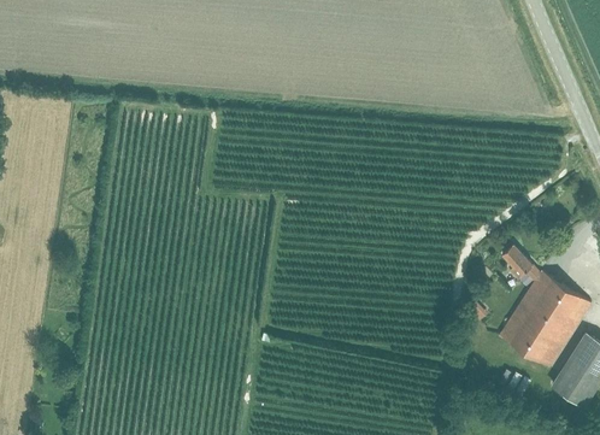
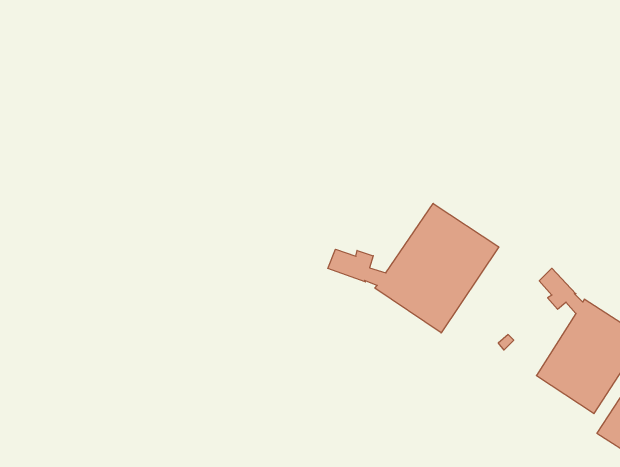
building: none -> [328,203,499,333]

